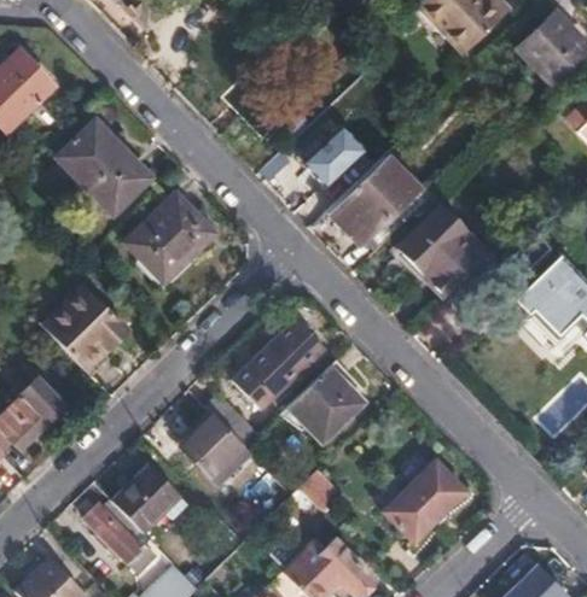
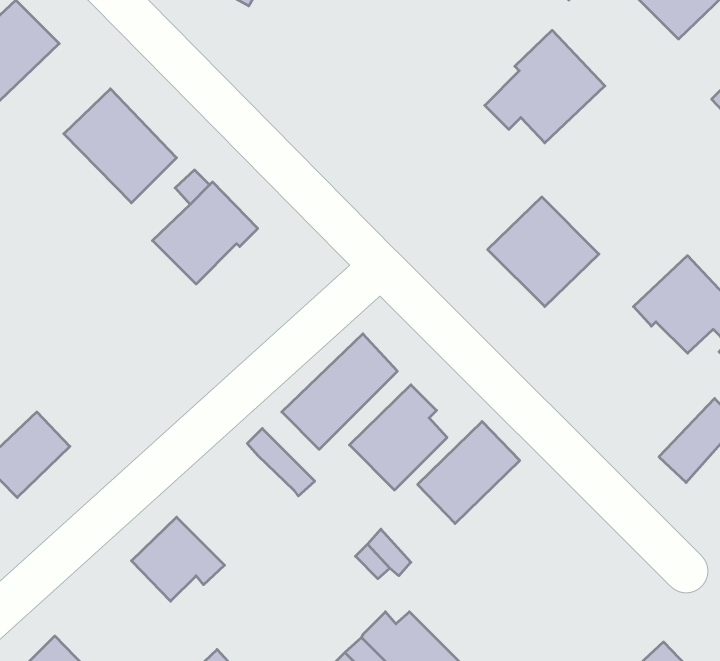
building: [301,122,365,186] -> none
building: [331,154,428,245] -> [485,30,605,143]
building: [46,288,130,368] -> none
building: [182,415,251,482] -> none
building: [384,460,466,542] -> [418,421,520,524]
building: [86,503,157,572] -> none

